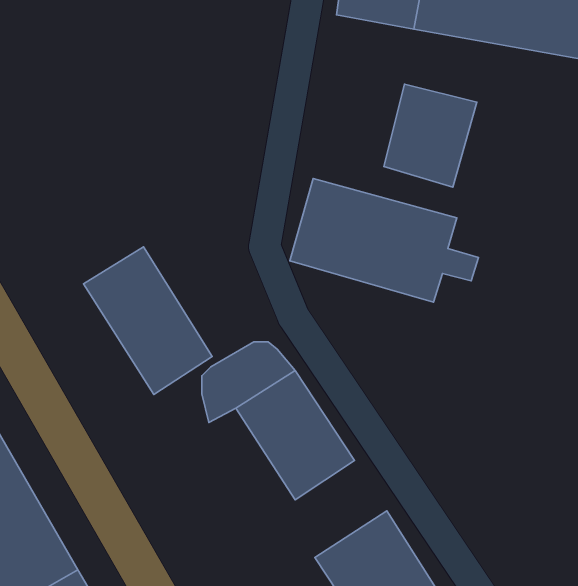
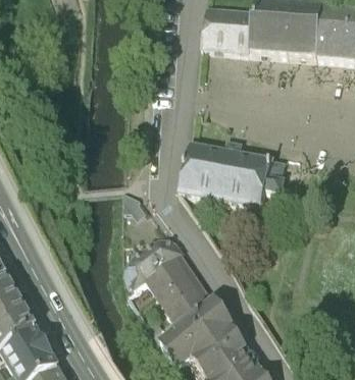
building: [384,84,477,187] -> none
building: [83,247,212,395] -> none
building: none -> [155,294,232,361]

